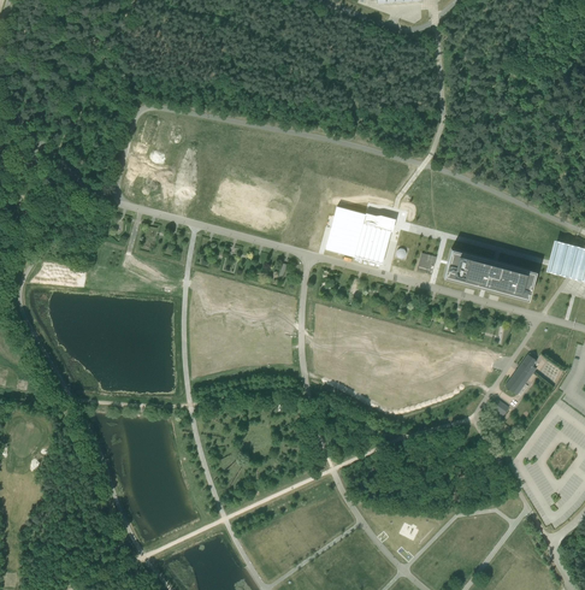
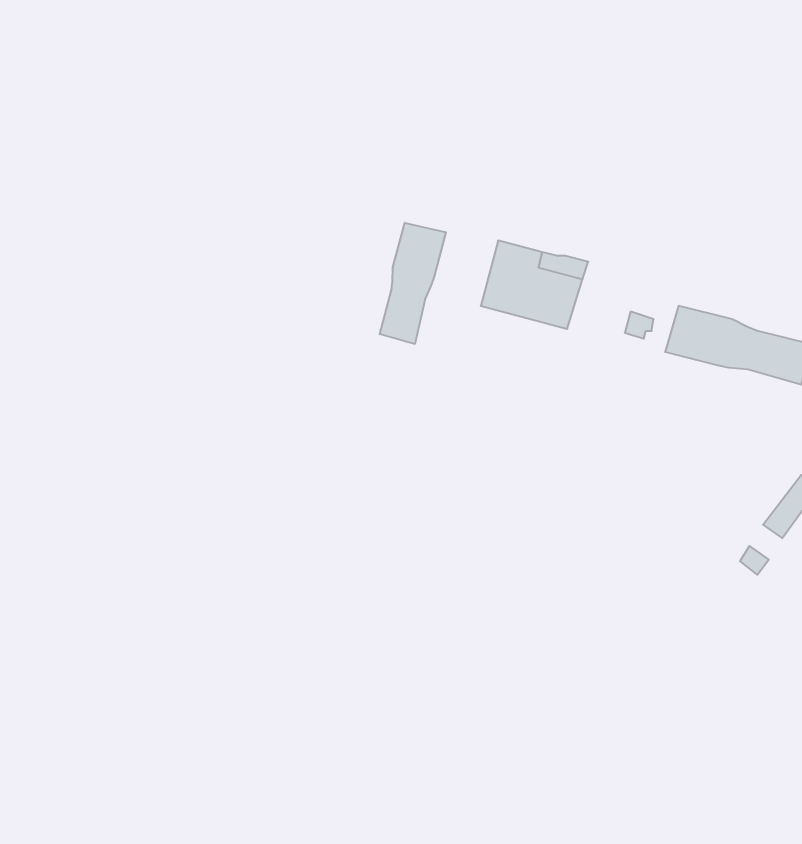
building: none -> [380,223,446,344]

